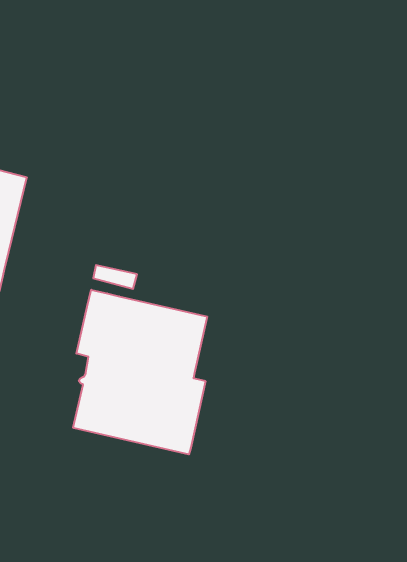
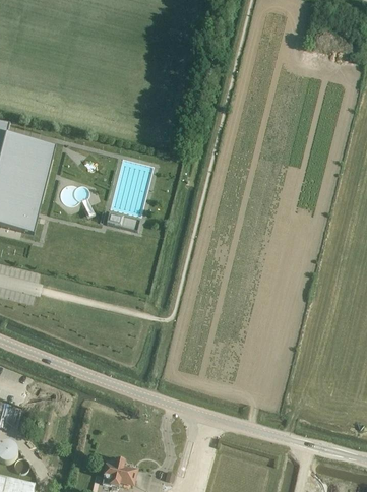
building: [73,290,207,454] -> none

